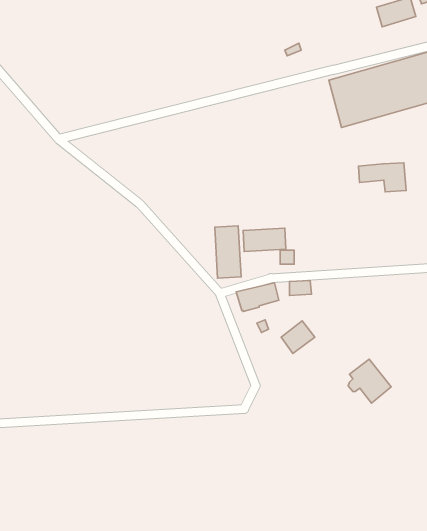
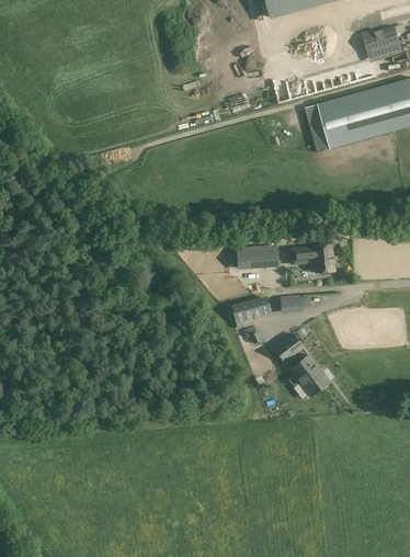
building: [358,163,406,192] -> [287,245,332,272]
building: [215,226,241,278] -> none
building: [348,359,391,403] -> [286,354,327,396]

